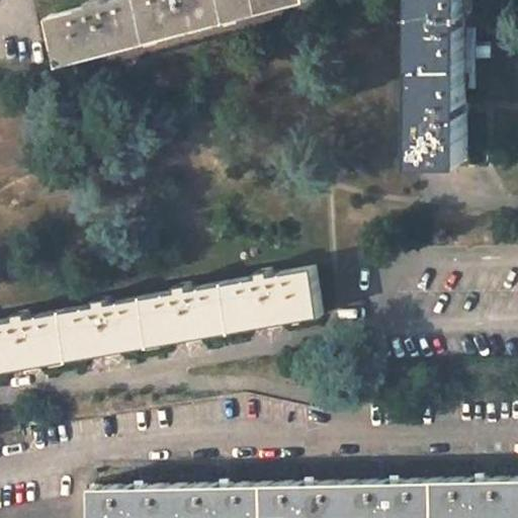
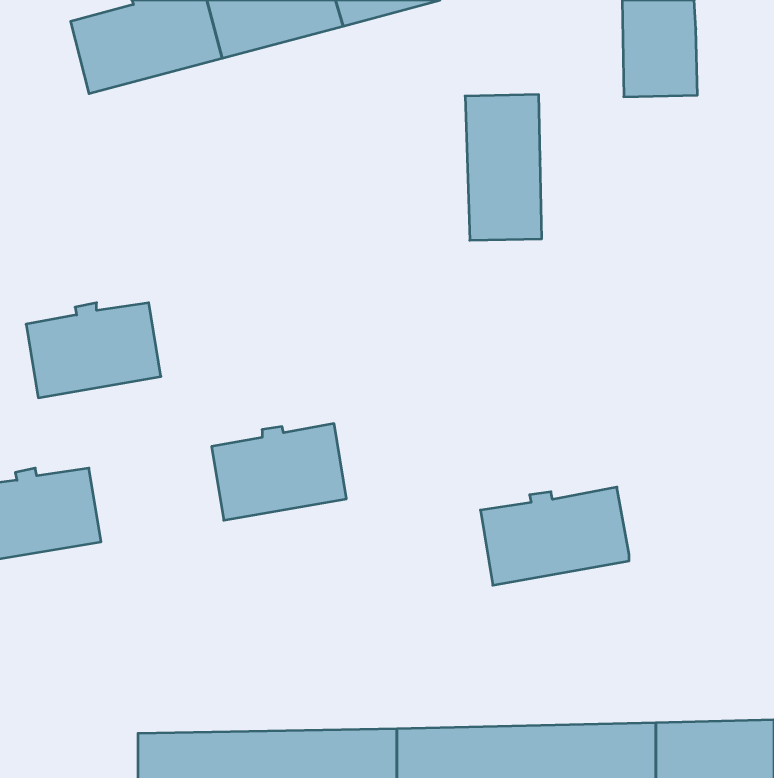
building: [412,67,462,163] -> [465,95,542,240]
building: [221,268,319,333] -> [480,487,629,585]
building: [59,298,148,361] -> [26,303,161,398]

